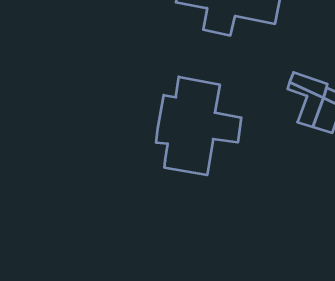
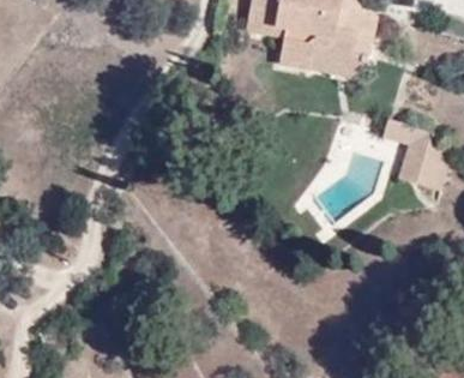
building: none -> [312,47,367,77]
building: [156,77,241,175] -> none

